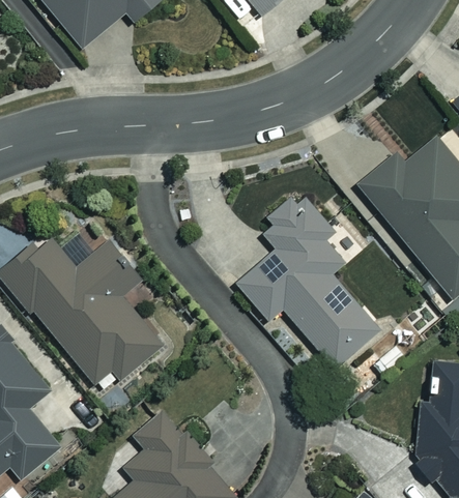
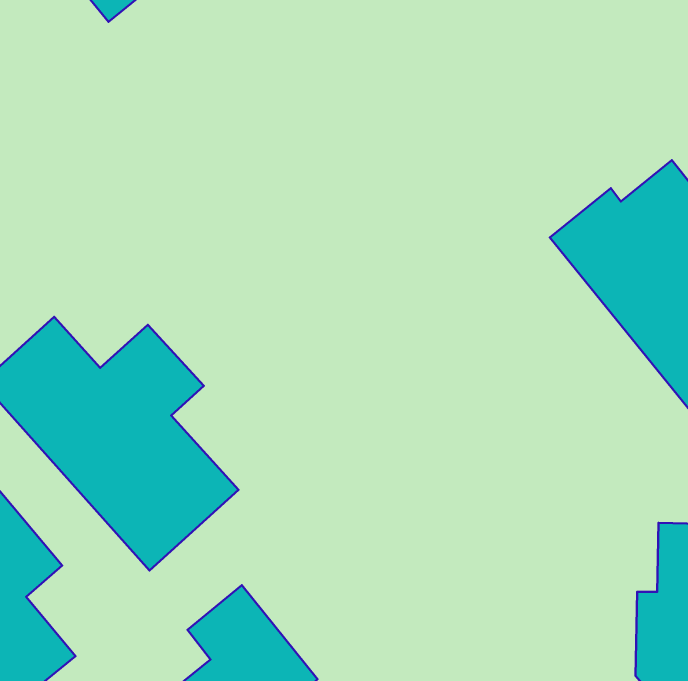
building: [237,196,378,369] -> none

